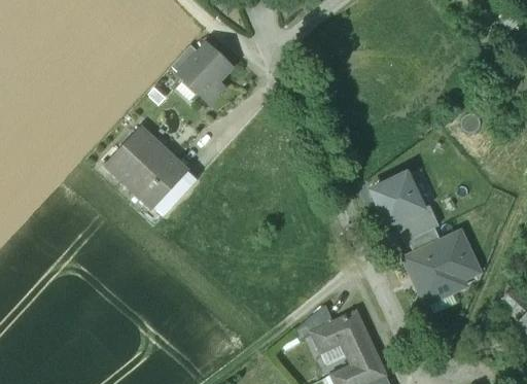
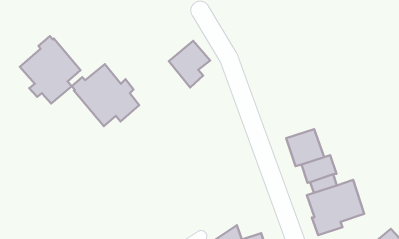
building: [178,47,229,105] -> [169,41,210,87]
building: none -> [20,36,81,103]

